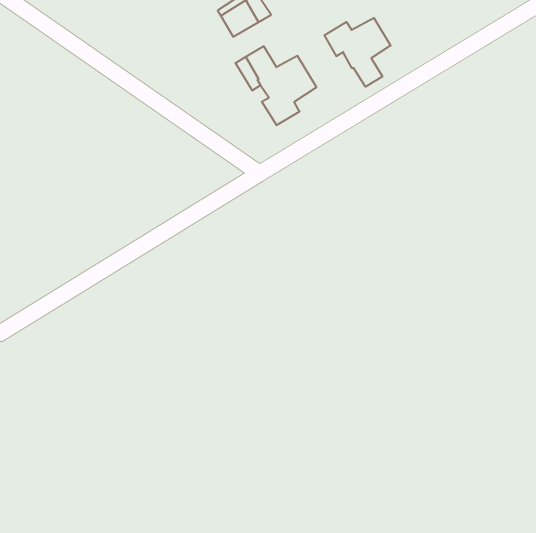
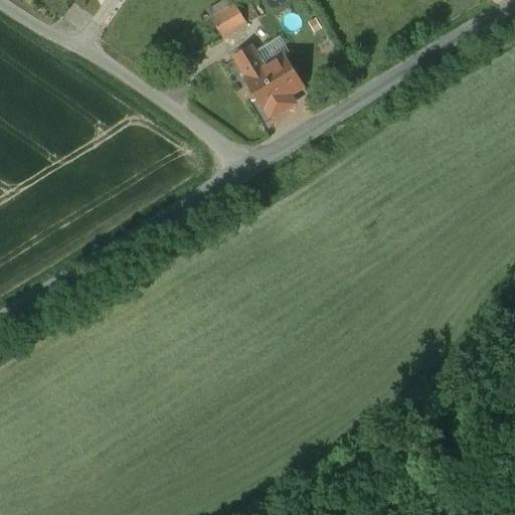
building: [325,18,391,87] -> none

